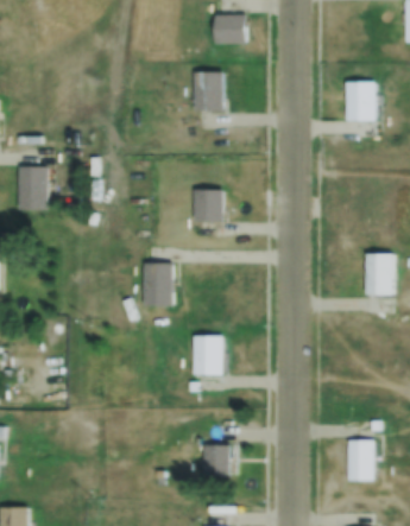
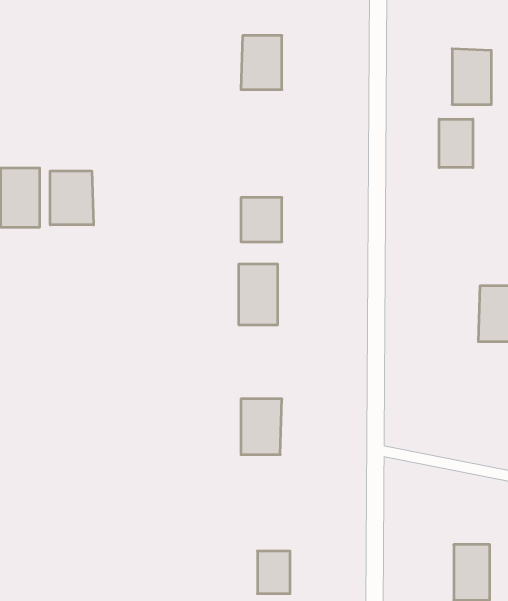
building: none -> [439,119,473,168]
building: none -> [50,171,94,225]
building: [144,262,172,306] -> [239,264,278,325]

